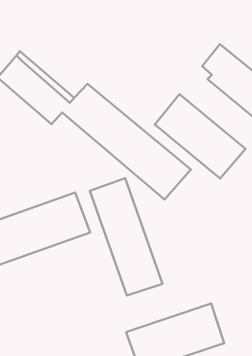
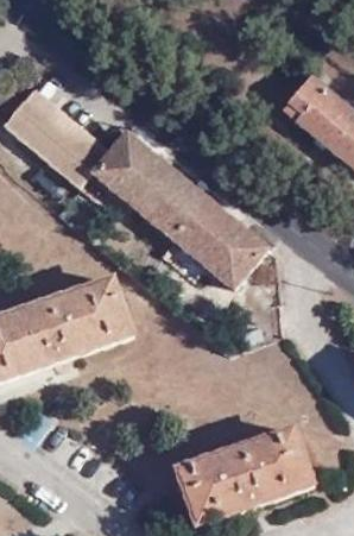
building: [155,94,246,179] -> none
building: [90,178,162,296] -> none

